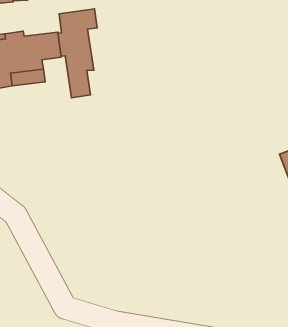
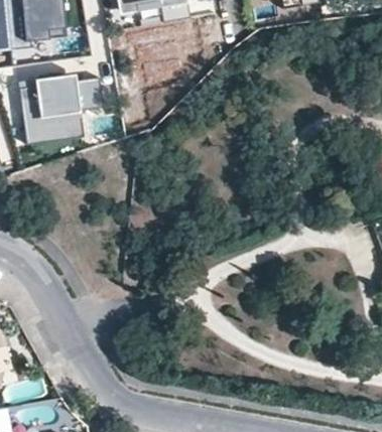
building: [58,9,97,98] -> none

